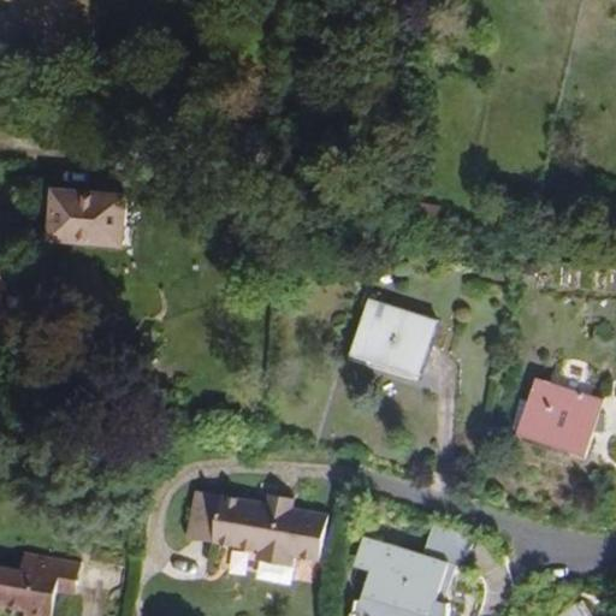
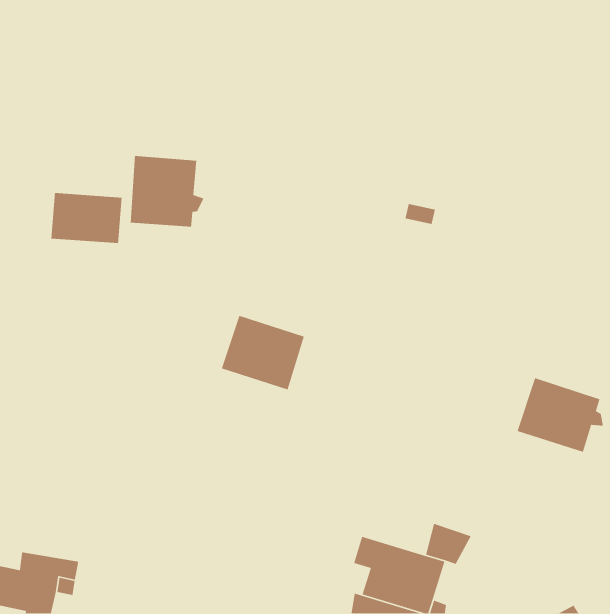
building: none -> [130,155,205,227]
building: [350,298,434,374] -> [221,315,305,390]
building: [186,491,326,567] -> none

